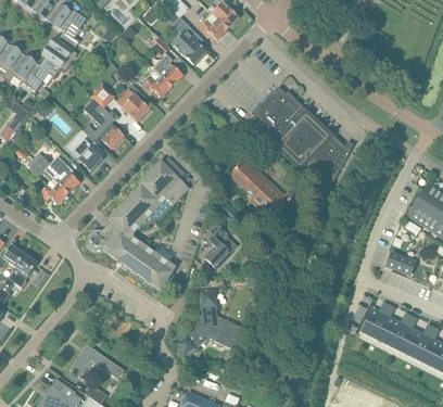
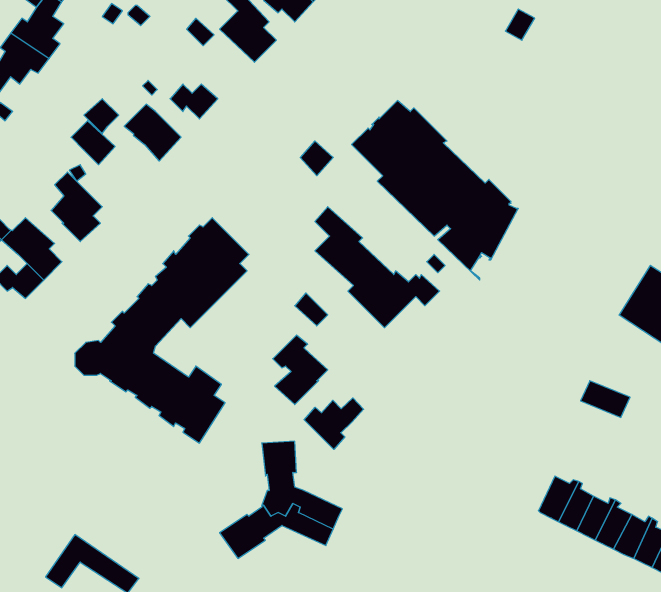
building: [153,54,183,86] -> none
building: [98,114,125,149] -> none
building: none -> [304,398,364,449]

